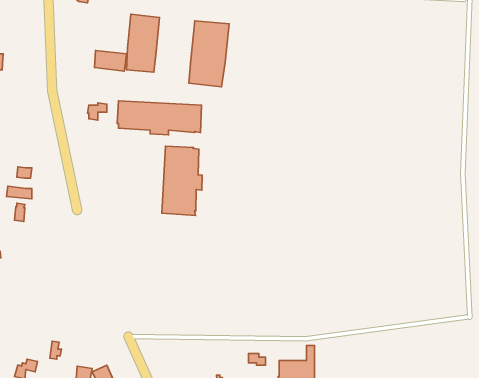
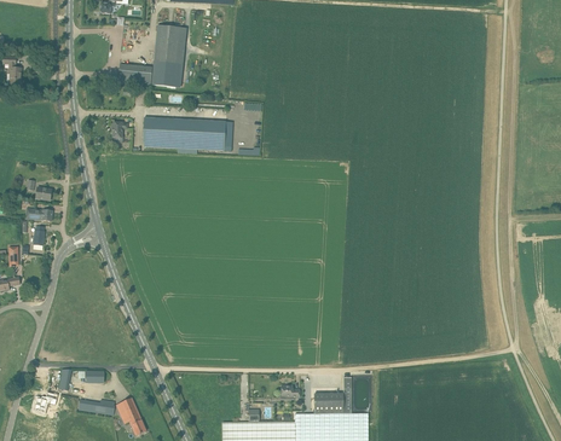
building: [189,21,229,87] -> none
building: [162,146,202,215] -> none

